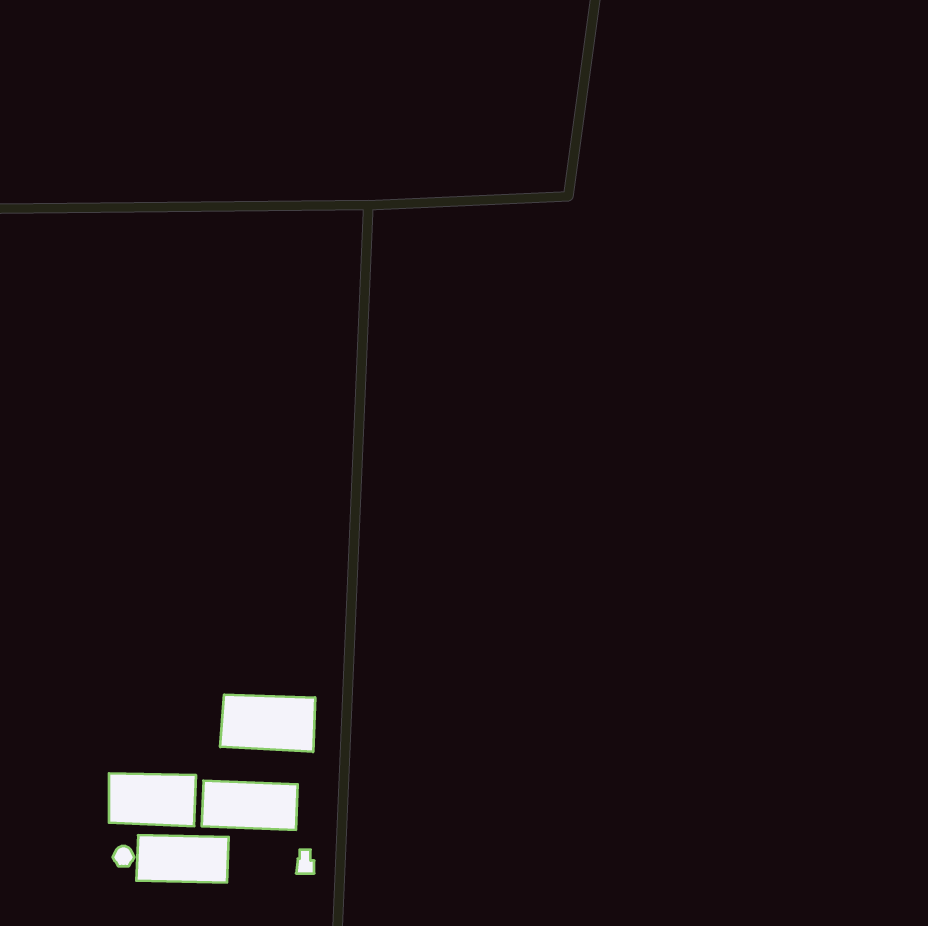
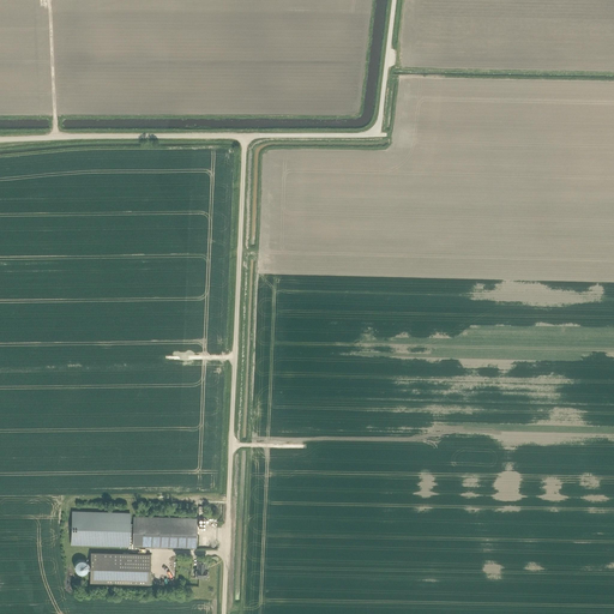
building: [220,695,315,752] -> none

